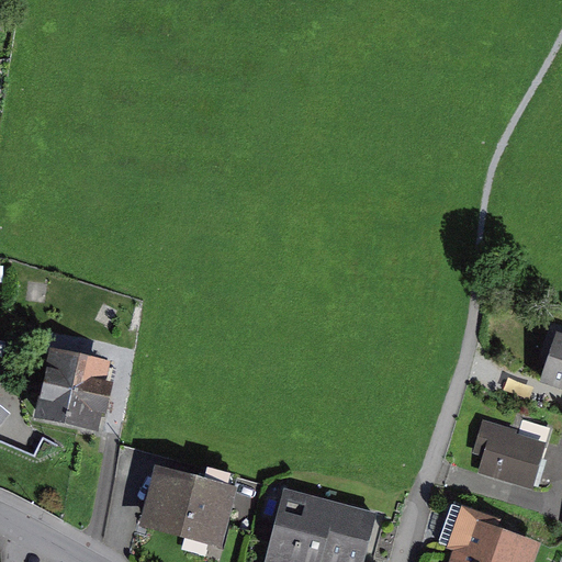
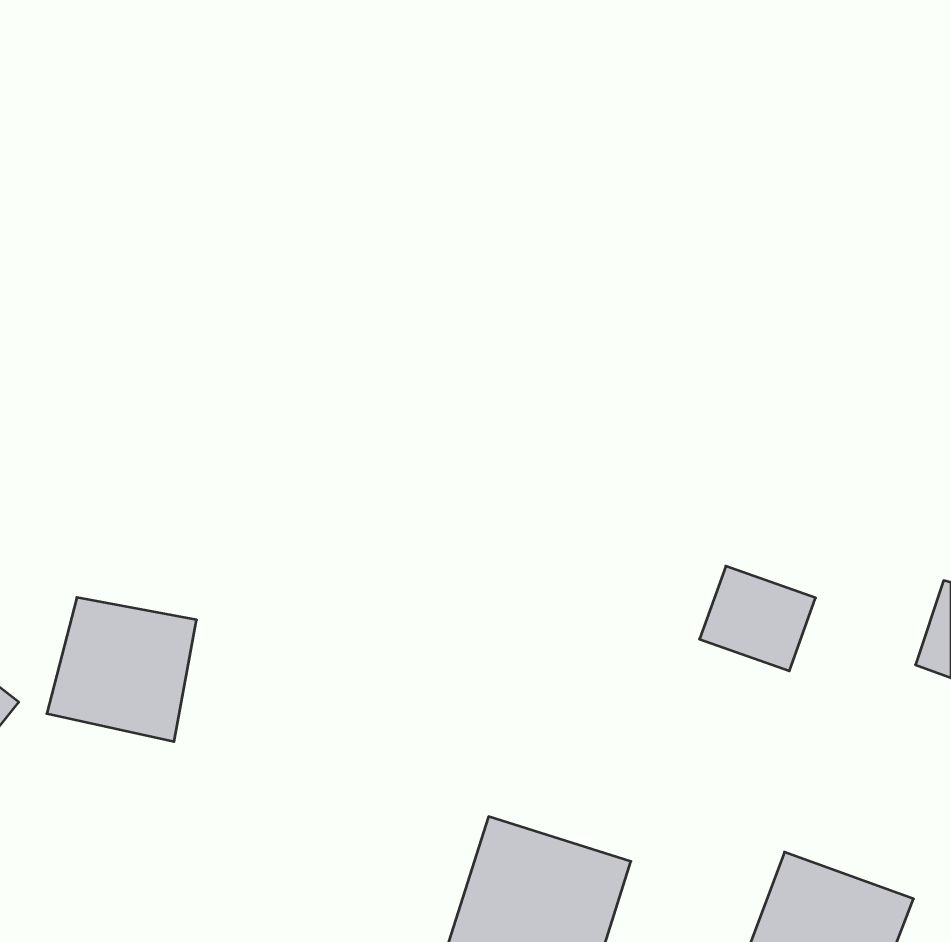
building: [472,420,540,482] -> [699,566,816,671]
building: [145,462,240,543] -> none

